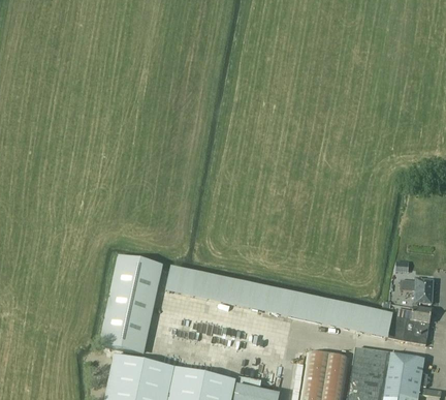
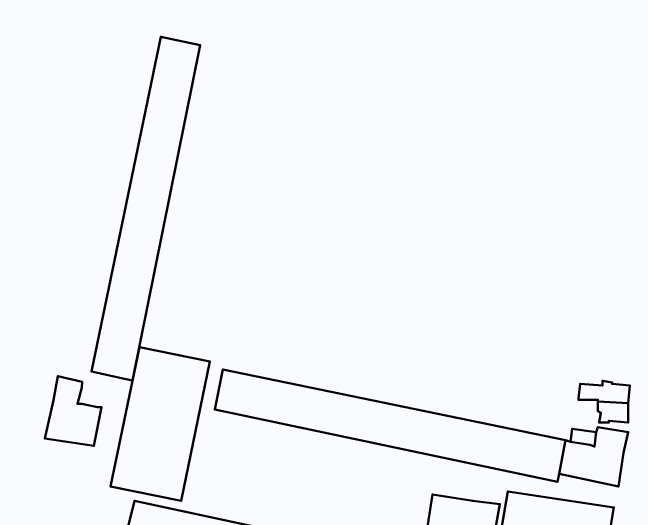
building: none -> [91,37,200,381]
building: none -> [45,376,102,446]

